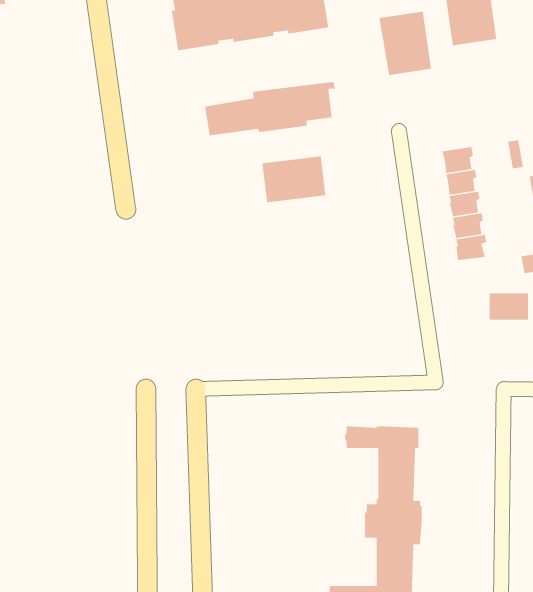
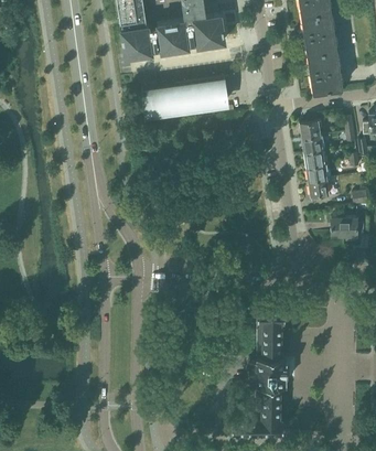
building: [378,11,432,76] -> [308,49,343,92]
building: [262,155,326,203] -> none

